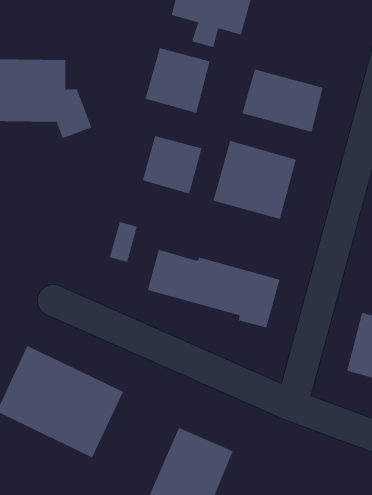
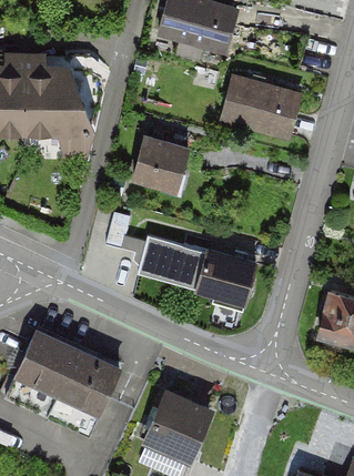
building: [144,47,210,114] -> none
building: [213,140,297,220] -> none

